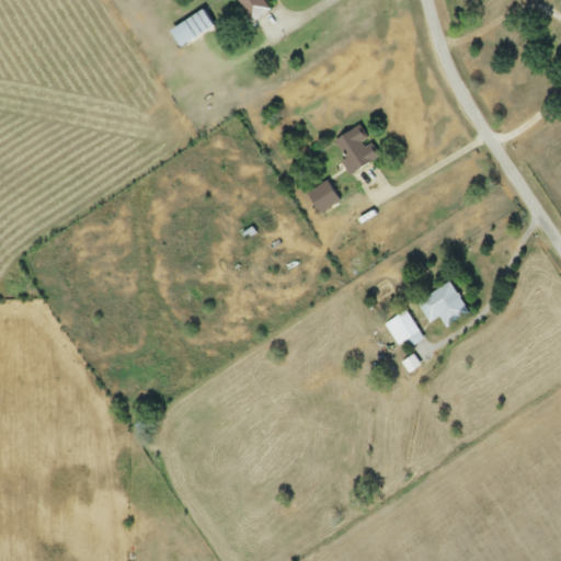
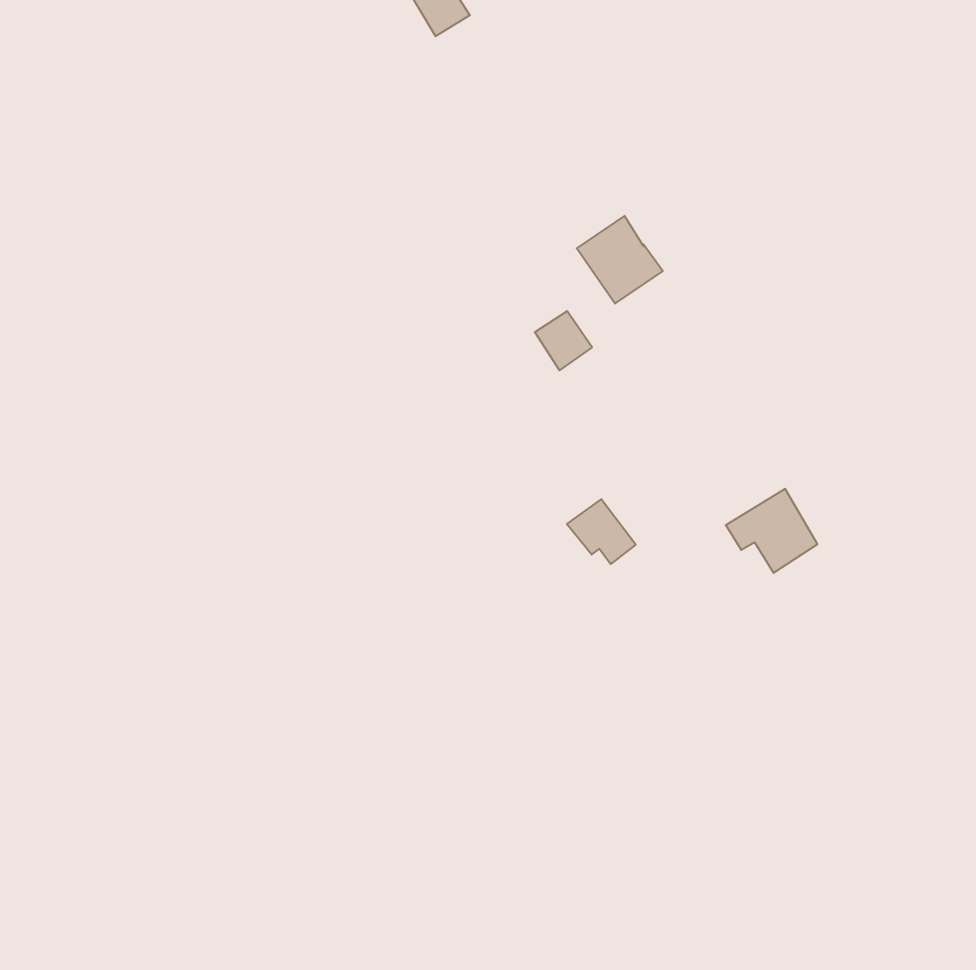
building: [170,10,215,45] -> none
building: [385,310,424,347] -> [567,499,636,564]

